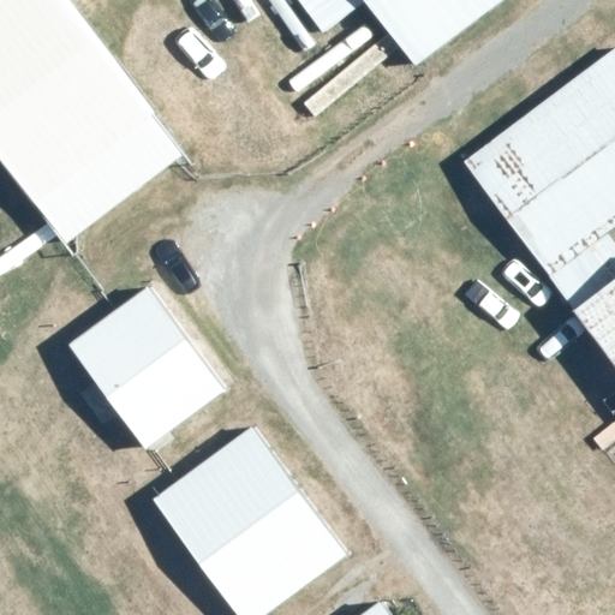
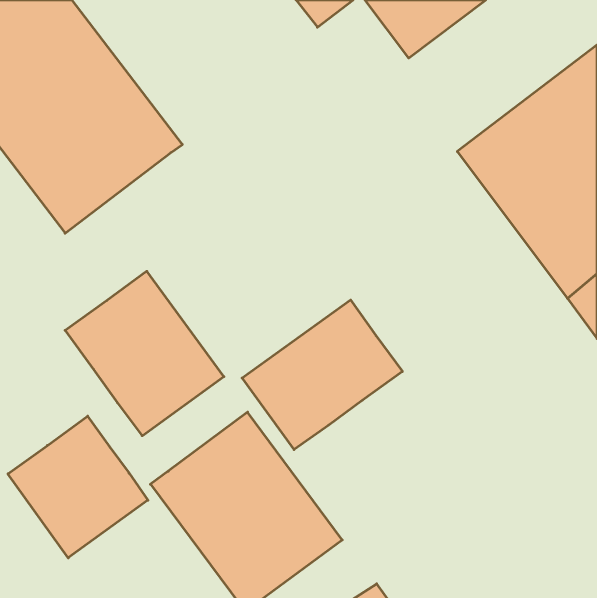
building: none -> [242,300,402,450]
building: none -> [8,416,148,558]

